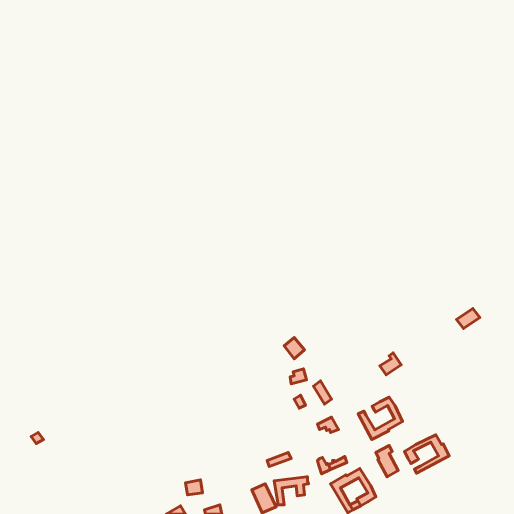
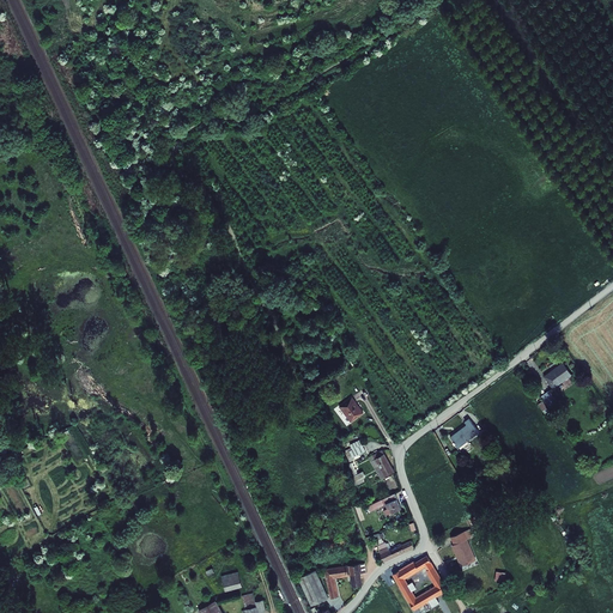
building: [358,397,403,440] -> none
building: [405,435,449,473] -> none

